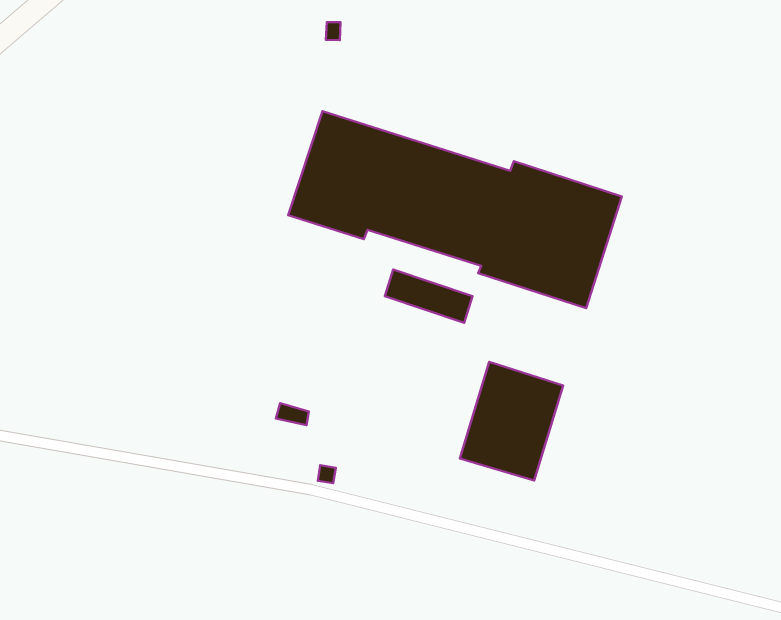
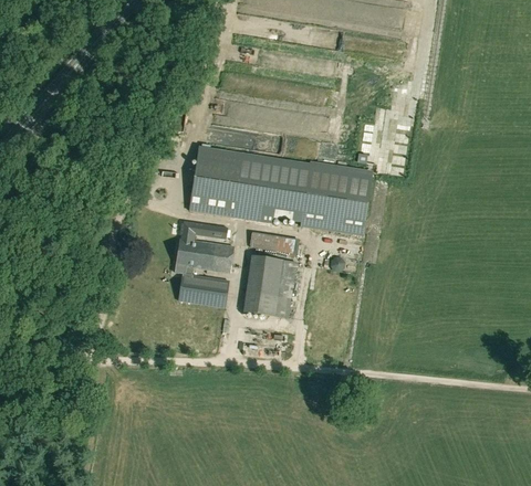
building: none -> [174,221,233,306]
building: [460,362,563,480] -> [243,255,294,317]

